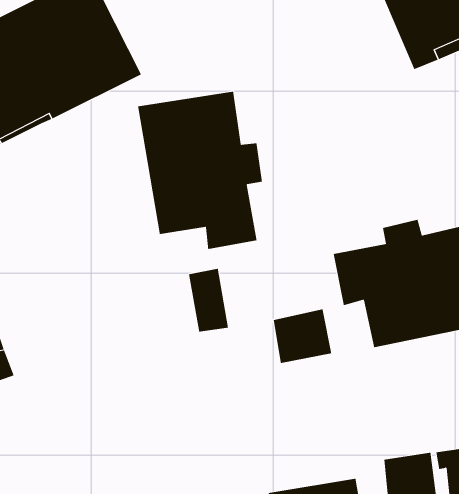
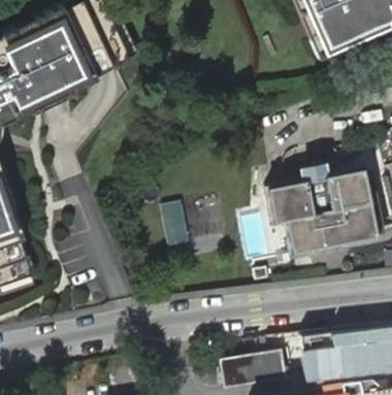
building: [138,91,262,250] -> none
building: [273,308,332,364] -> none

